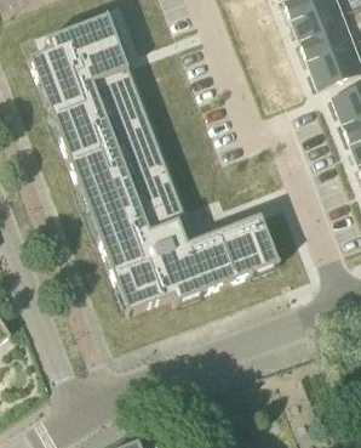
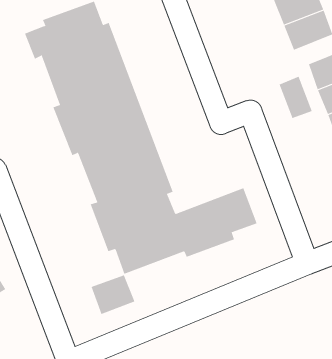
building: none -> [279,76,313,119]
building: none -> [91,274,135,315]

